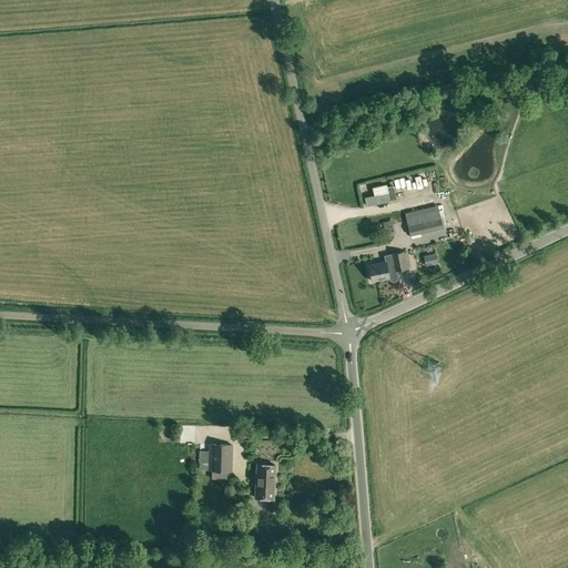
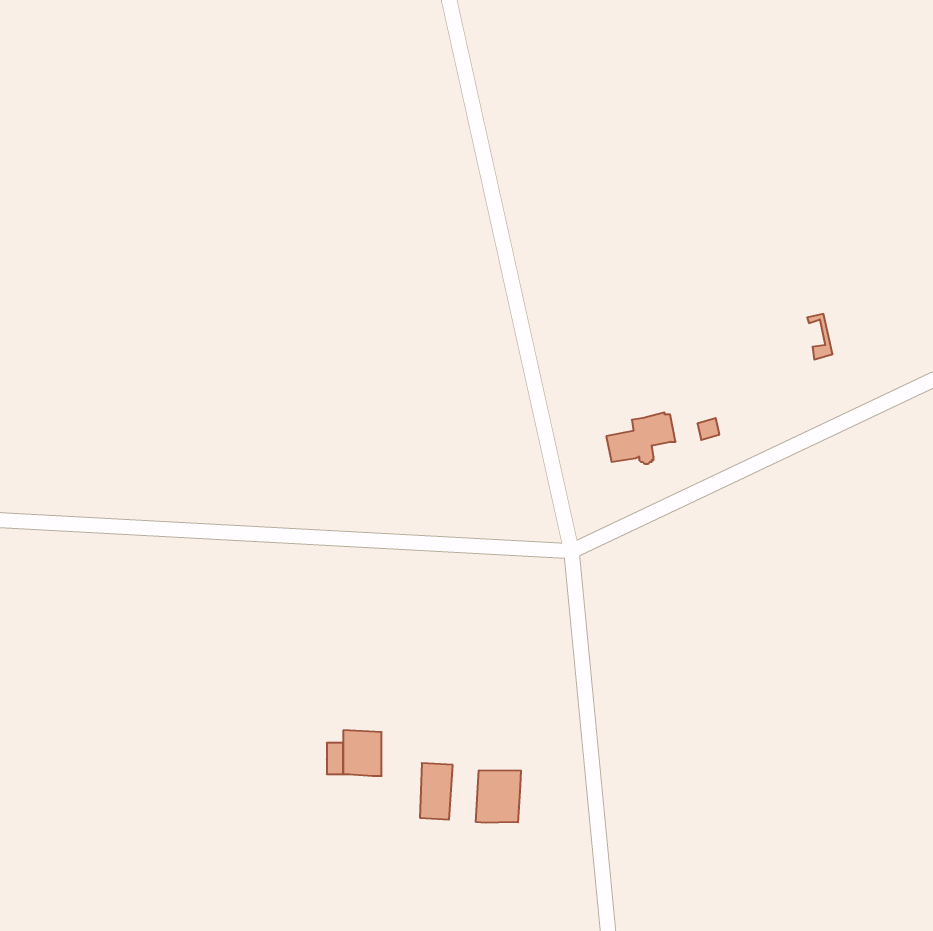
building: [405,207,443,236] -> none
building: none -> [476,770,521,823]

